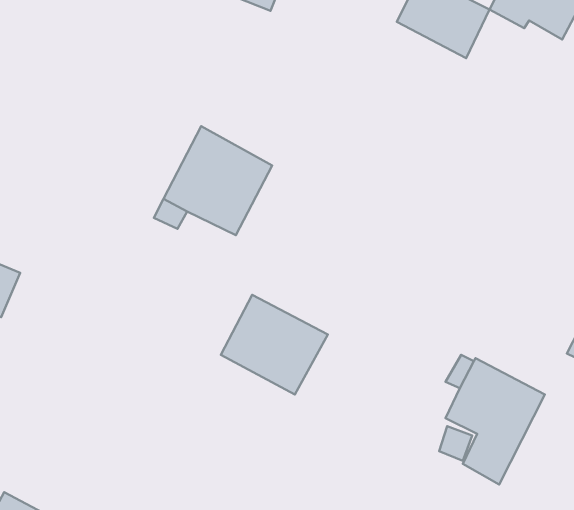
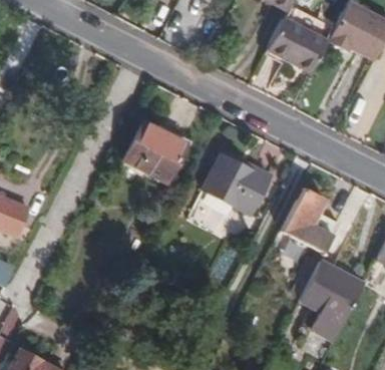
building: none -> [281,189,339,257]
building: [221,295,328,394] -> [203,150,271,214]

